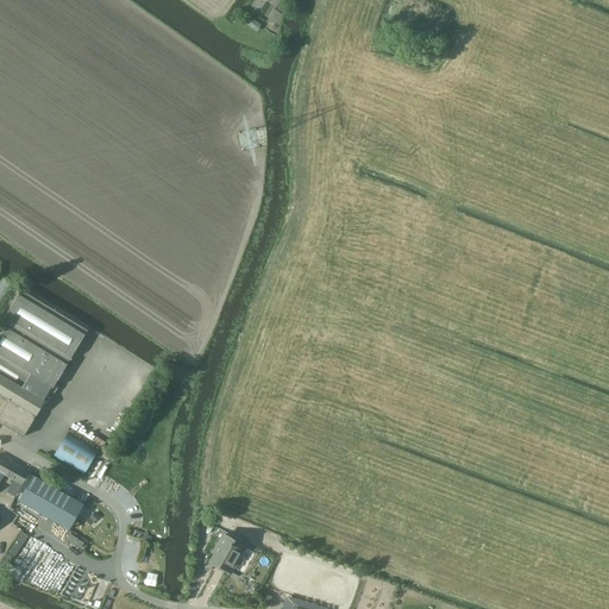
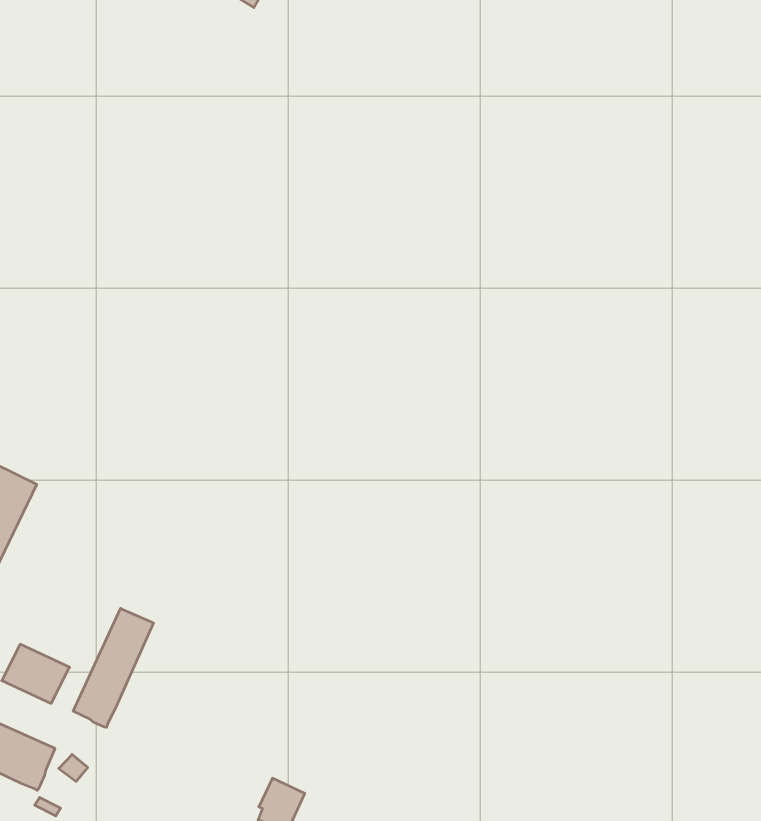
building: none -> [73,608,153,727]

